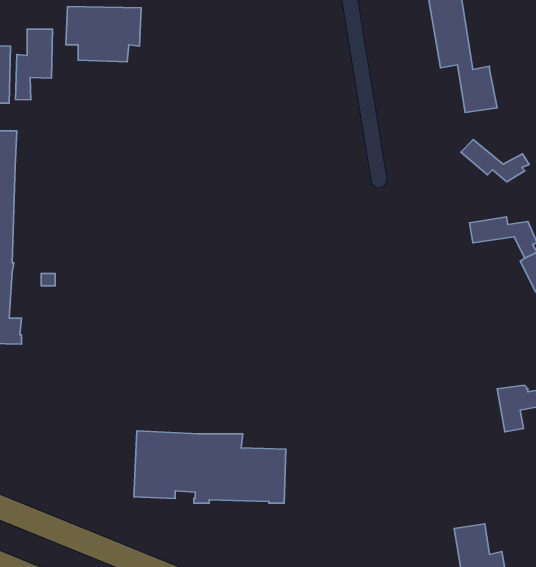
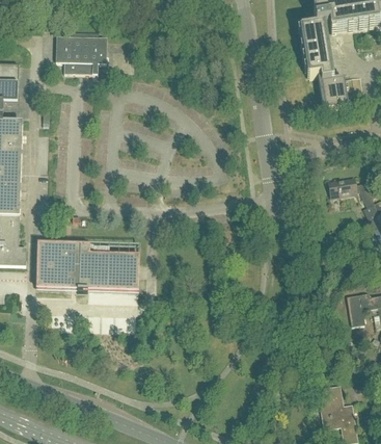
building: [16,29,52,100] -> none
building: [461,139,529,182] -> none
building: [134,431,286,503] -> [35,242,138,291]

